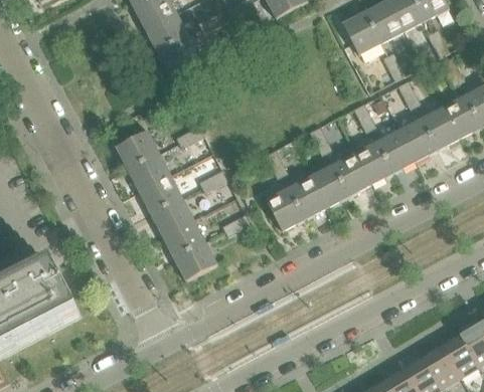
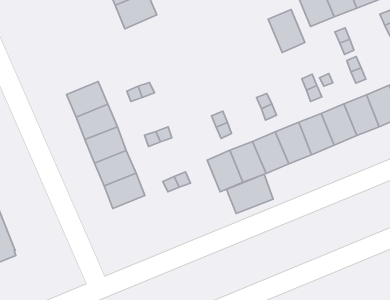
building: none -> [268,9,305,53]
building: none -> [226,174,273,214]
building: [174,242,217,280] -> none

